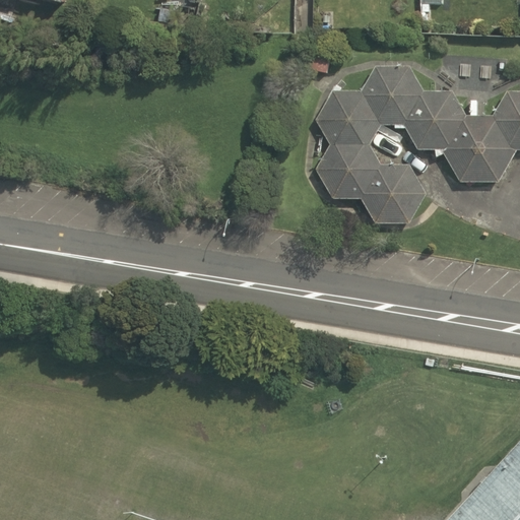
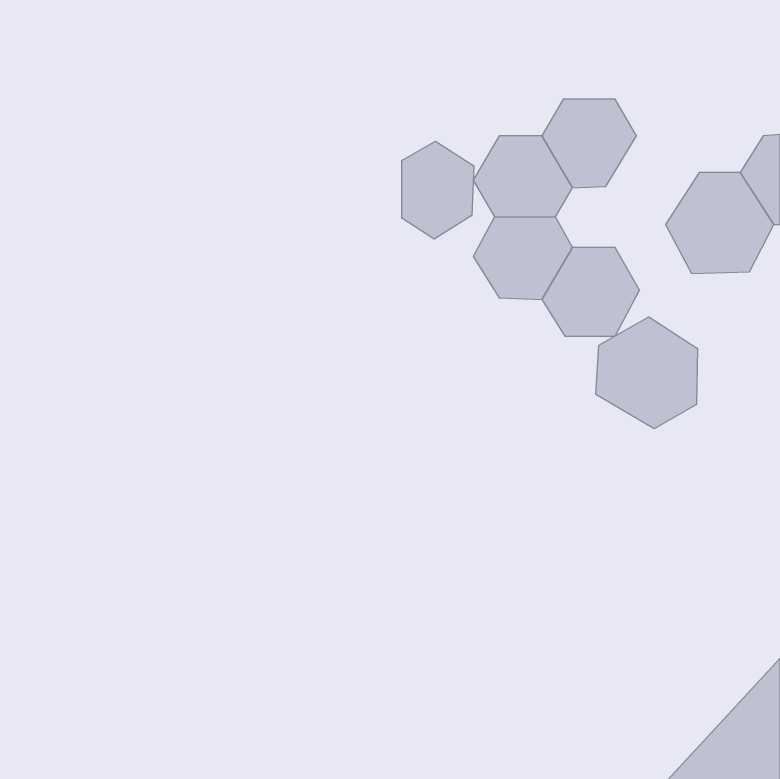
building: [403,91,465,150] -> none
building: none -> [402,141,474,239]
building: none -> [596,317,698,429]

